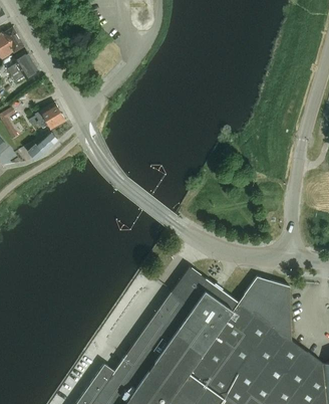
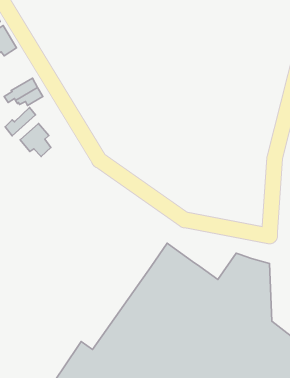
building: none -> [20,124,51,157]

